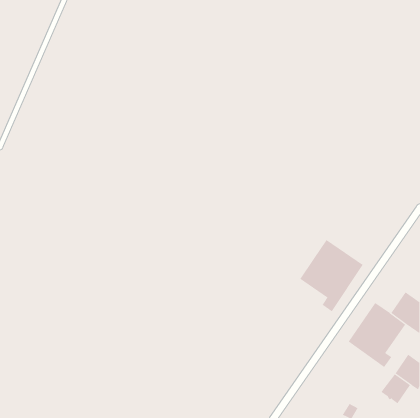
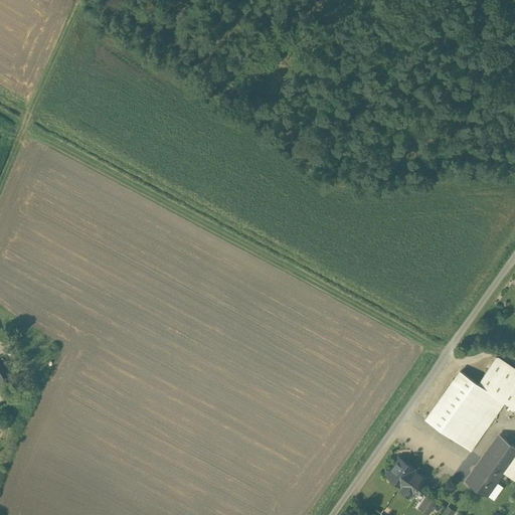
building: [300,239,364,312] -> none
building: none -> [385,459,423,496]

